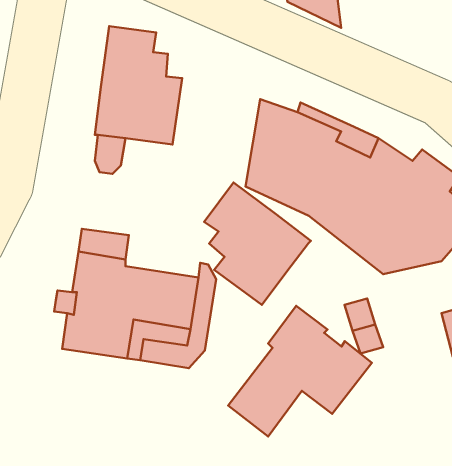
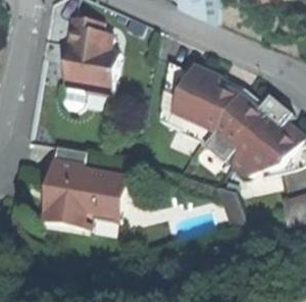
building: [204,183,311,305] -> none
building: [228,306,372,436] -> none

